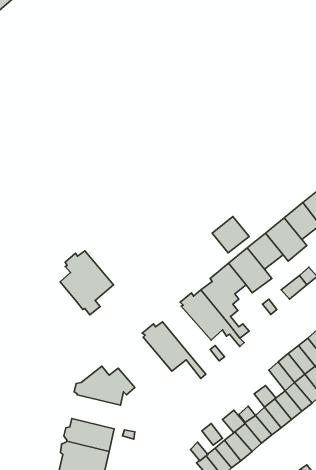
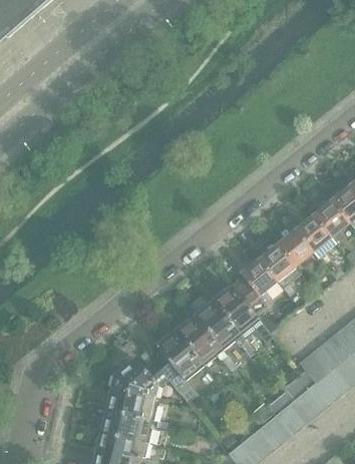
building: [212,217,249,253] -> none
building: [60,251,114,315] -> [151,331,204,393]
building: none -> [194,301,242,349]
building: none -> [103,387,153,420]

